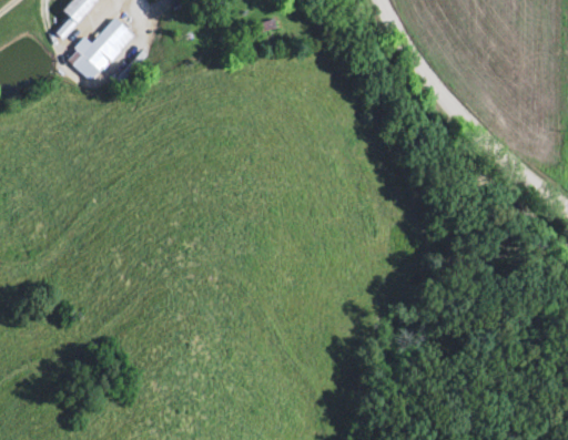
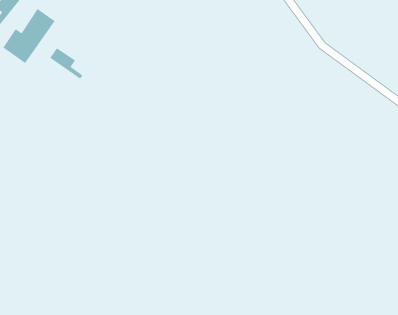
building: none -> [49,48,83,80]

